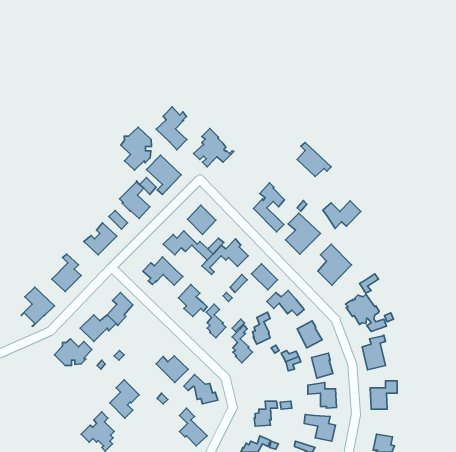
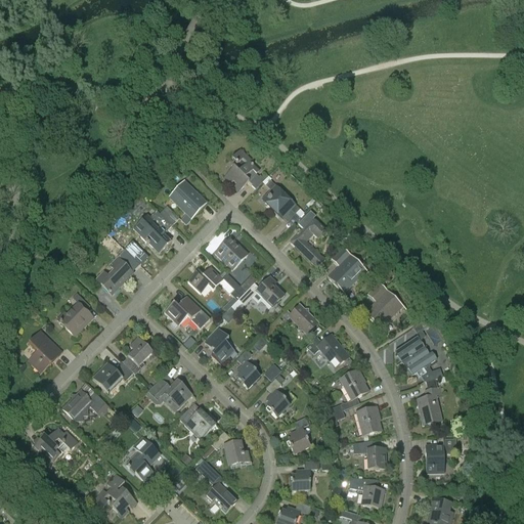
building: [156,107,187,150] -> none
building: [121,127,152,170] -> none
building: [297,143,331,176] -> [261,178,300,217]
building: [323,201,361,229] -> none
building: [252,312,270,344] -> [289,416,309,452]
building: none -> [148,378,192,406]
building: none -> [34,426,79,461]

